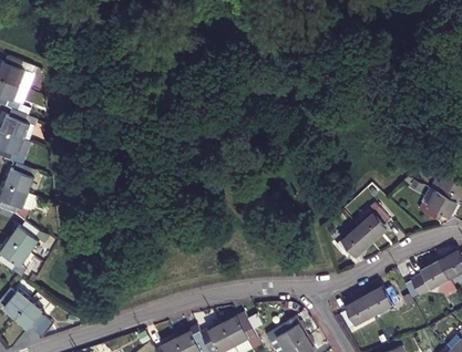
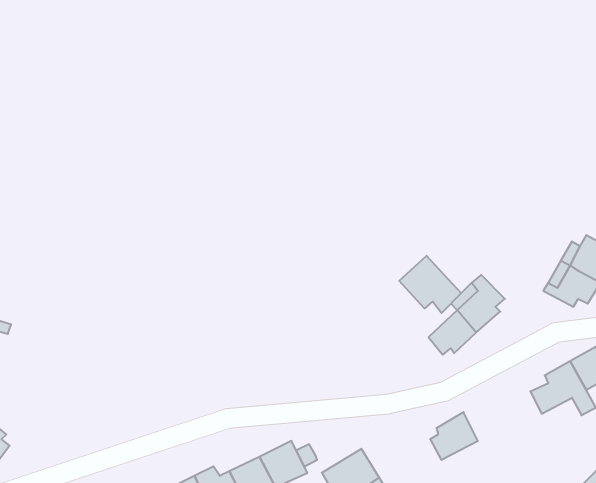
building: none -> [399,256,461,313]
building: [363,286,400,314] -> none

